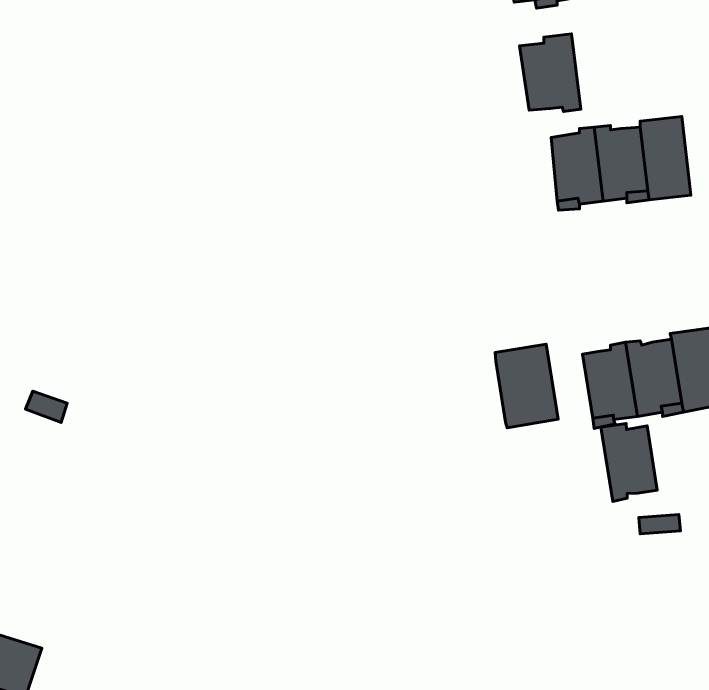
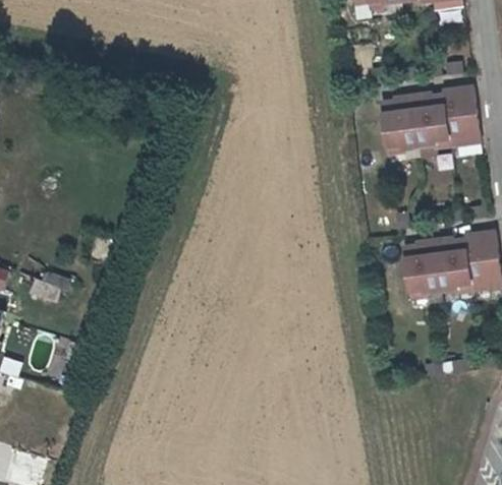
building: [519,34,581,112] -> none
building: [495,344,558,428] -> none
building: [601,423,657,502] -> none

